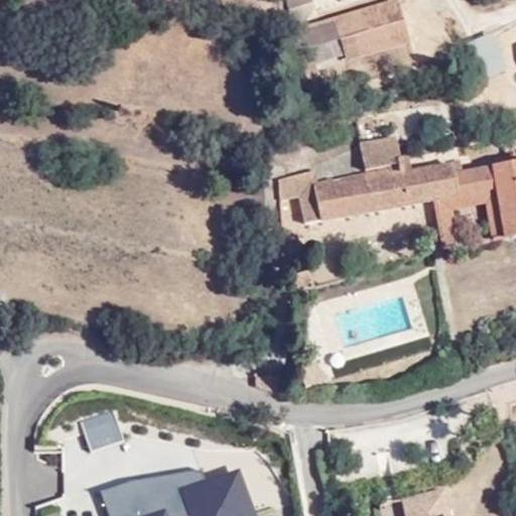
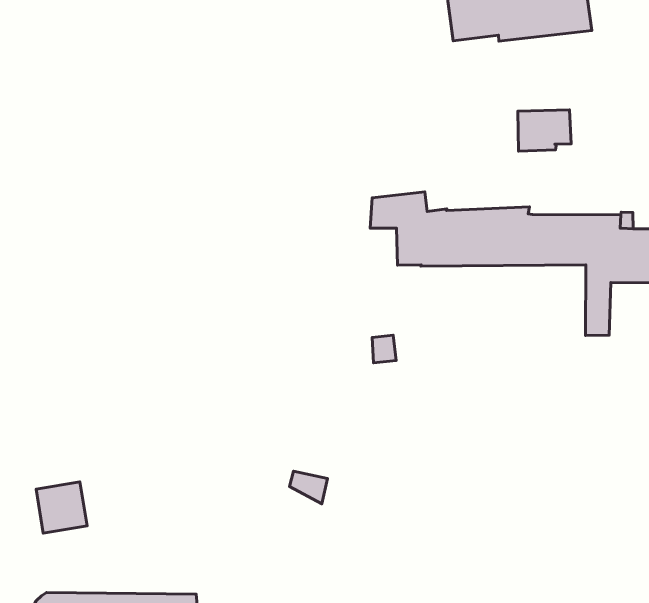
building: [359,135,399,169] -> [518,110,571,151]

